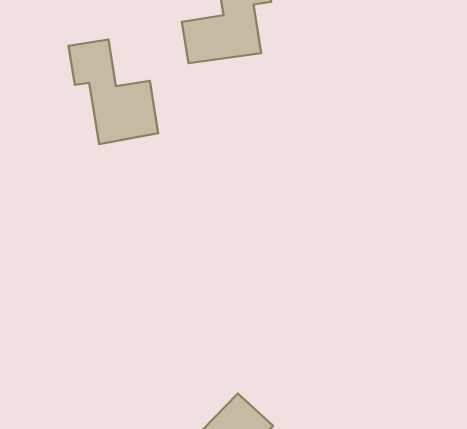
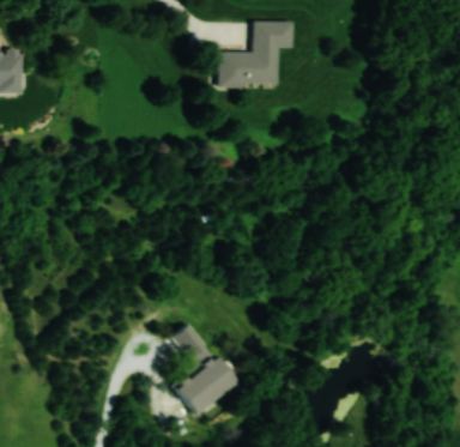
building: [69,39,158,144] -> none

